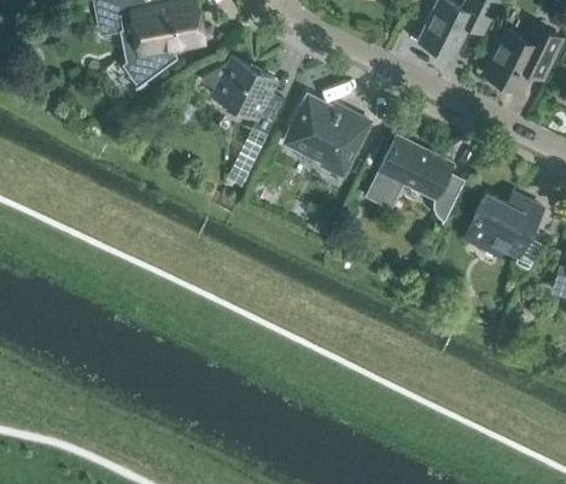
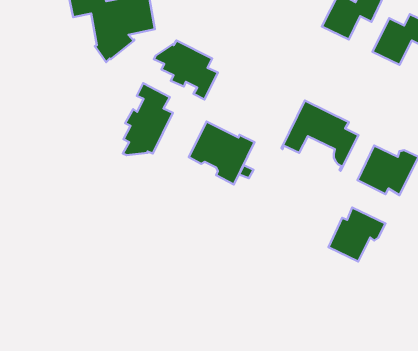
building: [285,95,369,176] -> [189,122,254,184]
building: none -> [123,83,173,155]
building: none -> [328,208,385,262]

